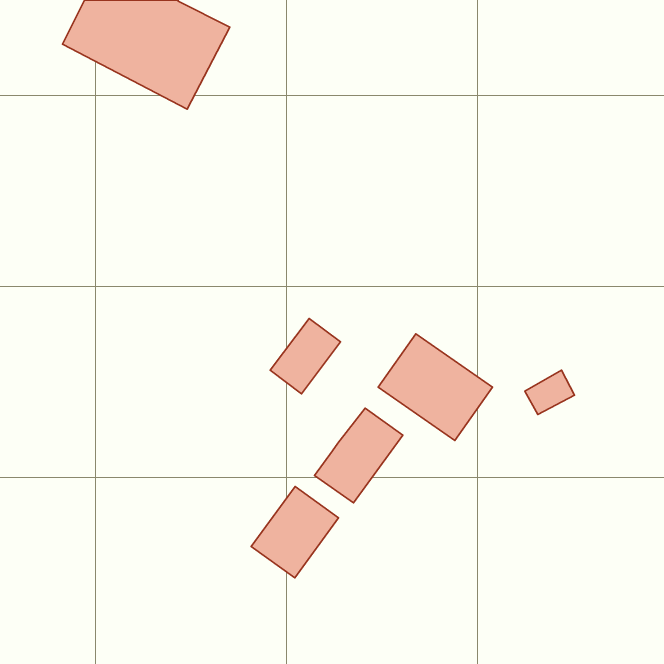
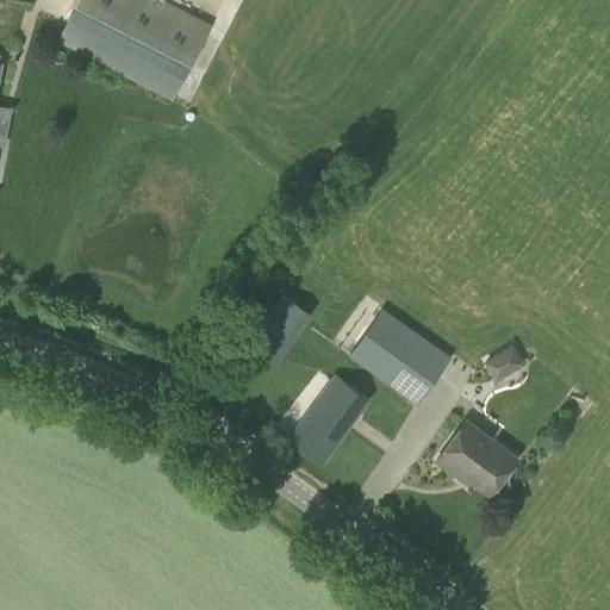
building: none -> [437,422,516,494]
building: [251,487,339,578] -> none

